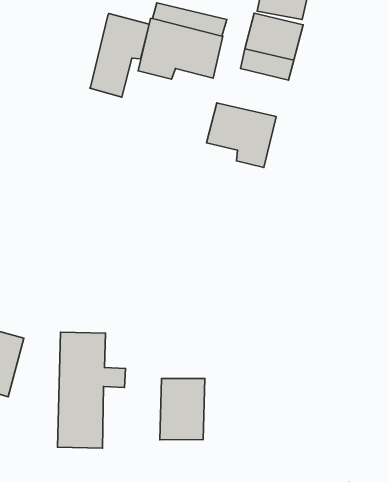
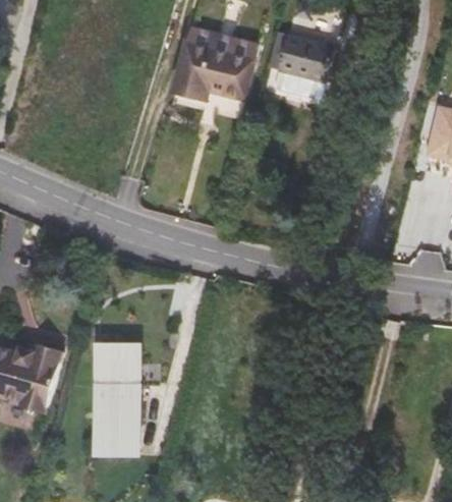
building: [90,13,149,97] -> none
building: [207,103,276,167] -> none
building: [160,379,205,440] -> none

